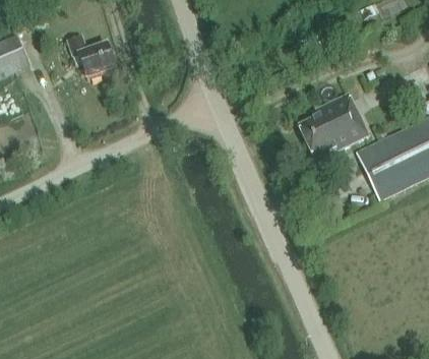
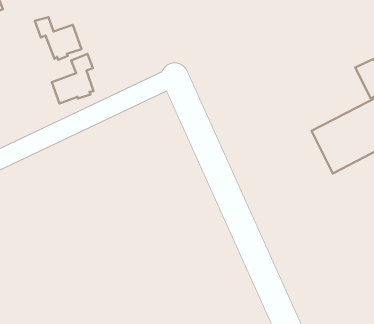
building: none -> [52,54,94,104]
building: [298,93,369,170] -> none

